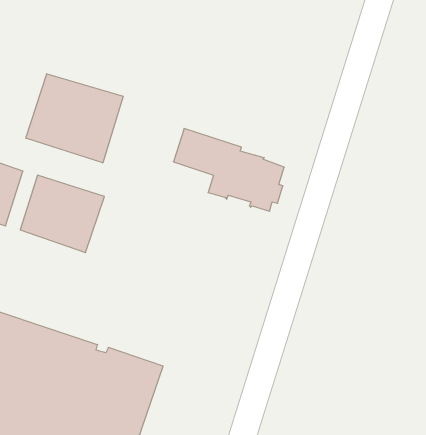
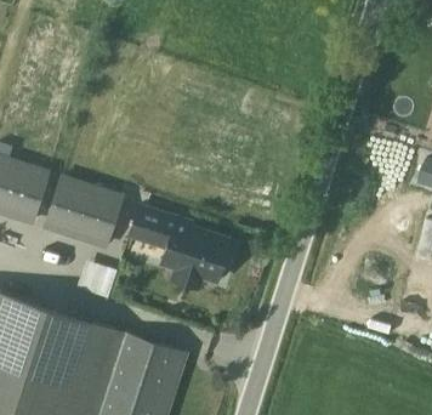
building: [26,74,123,163] -> none
building: [173,128,284,211] -> [131,205,232,280]

